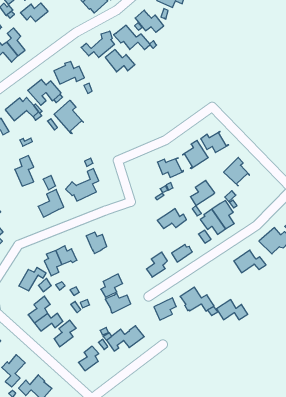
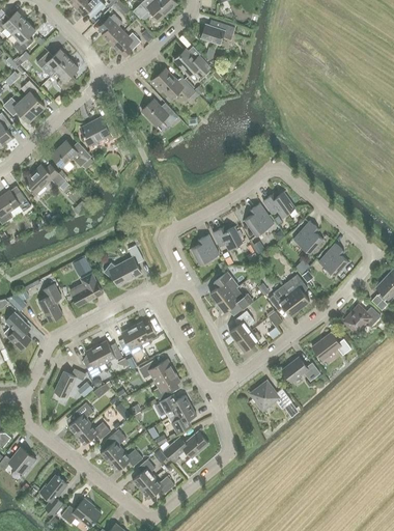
building: none -> [54,57,77,90]
building: [81,31,114,58] -> none
building: [54,100,83,134] -> none
building: [15,156,34,186] -> [37,283,61,320]
building: none -> [188,233,218,264]
building: none -> [317,242,349,277]
building: [190,180,215,206] -> [208,271,237,302]
building: none -> [117,326,142,354]
building: [146,252,167,277] -> [228,309,253,340]
building: none -> [138,358,172,380]
building: [154,298,176,320] -> [168,404,195,432]
building: [216,300,248,320] -> [281,356,319,381]
building: none -> [107,448,142,471]
building: none -> [139,475,174,498]

